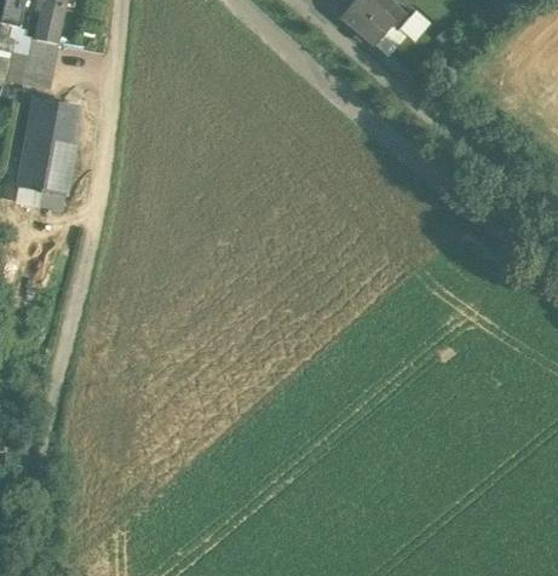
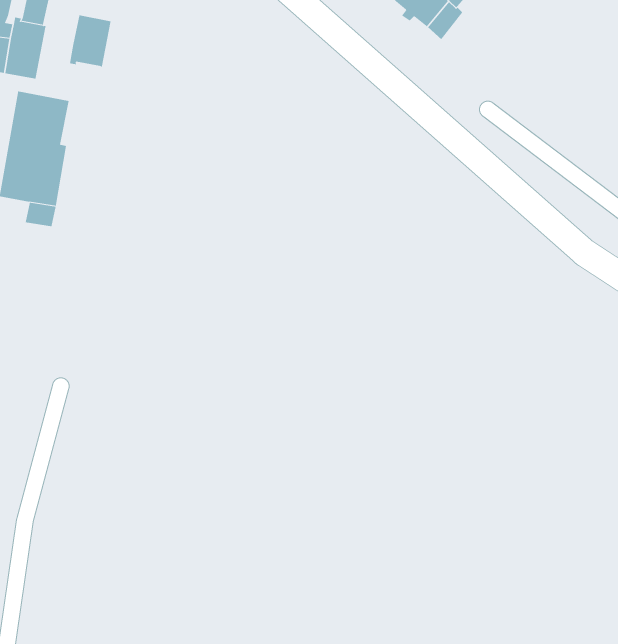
building: none -> [69,14,111,68]

